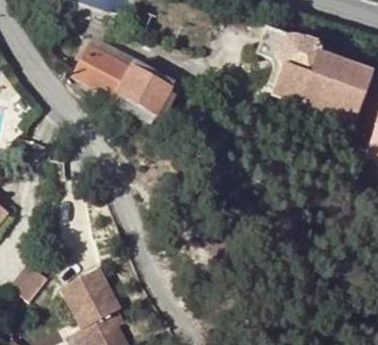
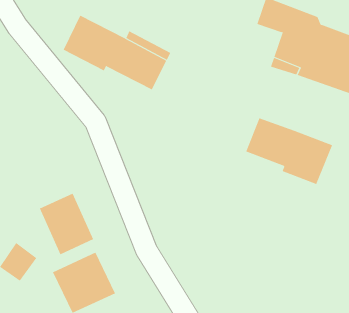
building: none -> [245,118,333,185]
building: none -> [39,193,94,255]

